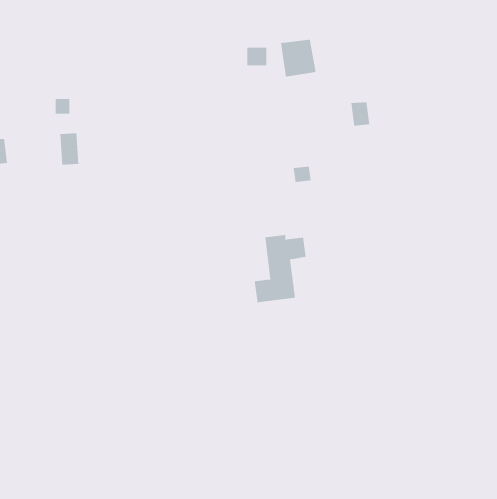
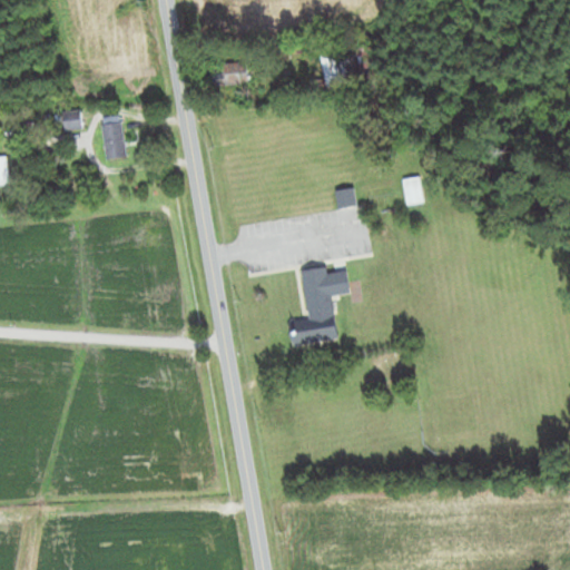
building: [247,47,267,66] -> [217,65,240,86]
building: [351,102,370,126] -> [400,178,422,206]
building: [60,133,79,165] -> [102,124,125,160]

